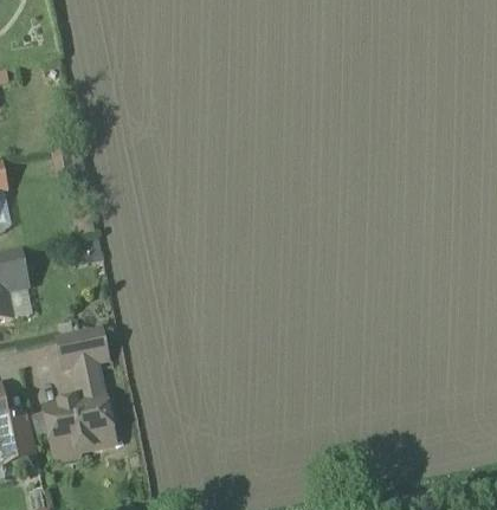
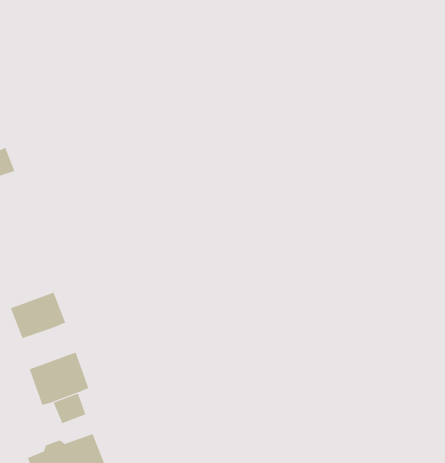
building: none -> [10,292,66,339]

